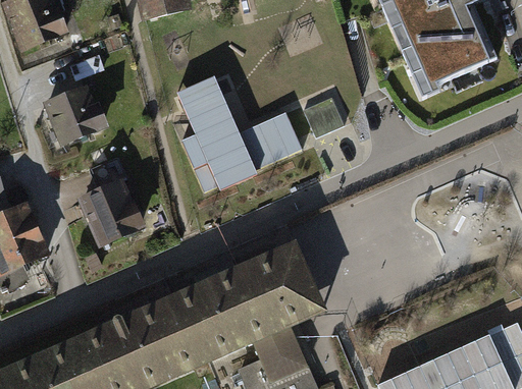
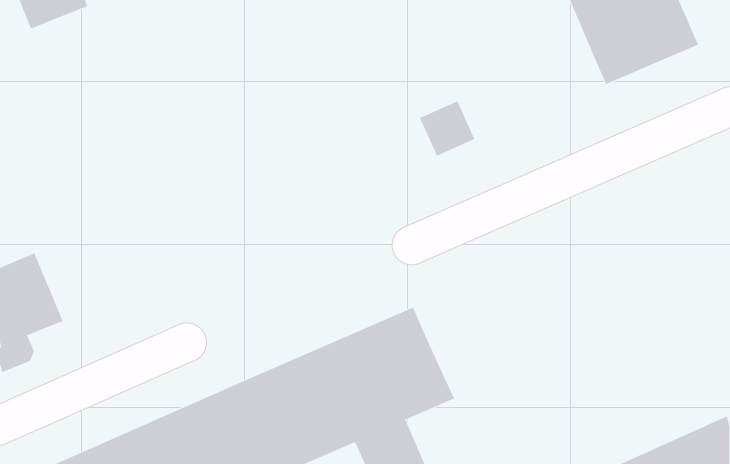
building: [172,79,299,194] -> none
building: [46,87,102,144] -> none
building: [81,181,140,242] -> none

